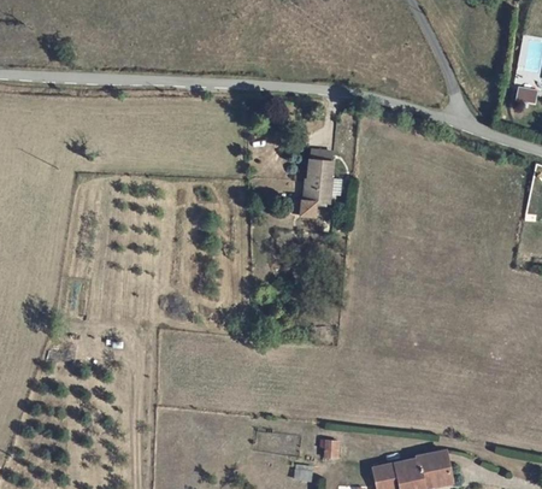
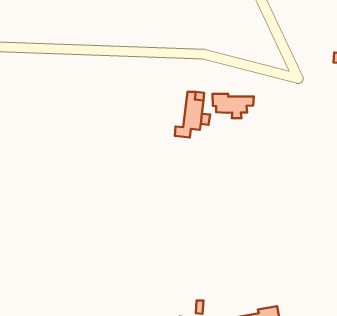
building: none -> [213,94,254,118]

